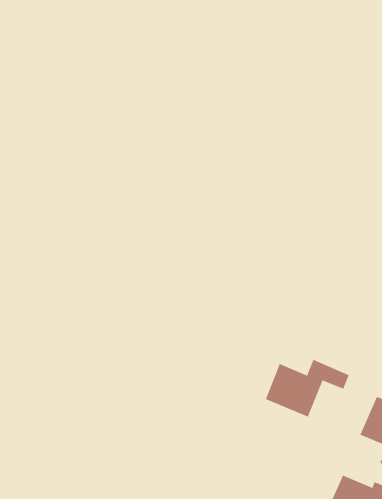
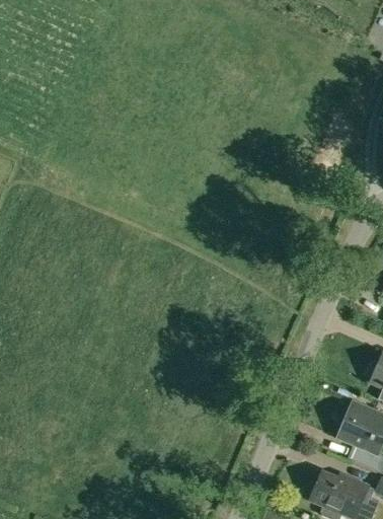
building: [265,359,350,418] -> none

